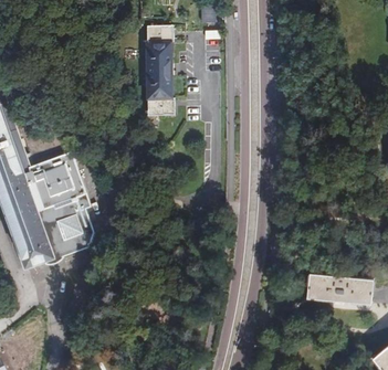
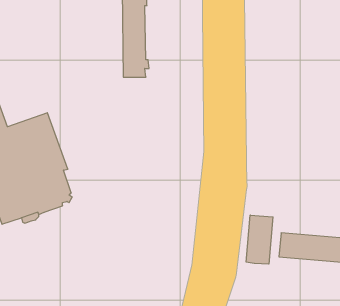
building: none -> [246,215,273,264]

